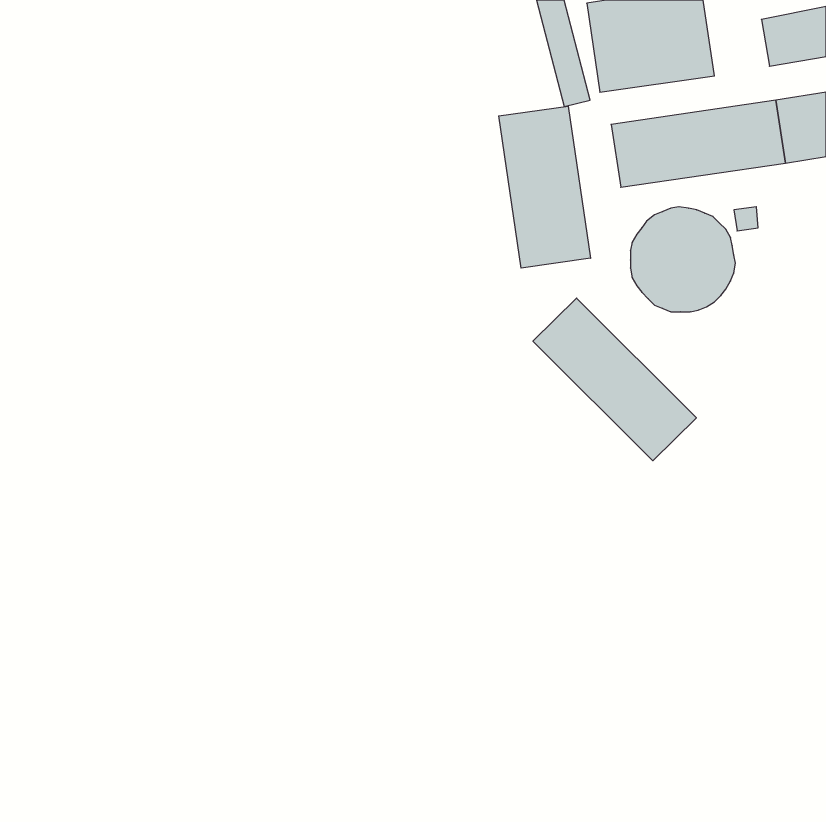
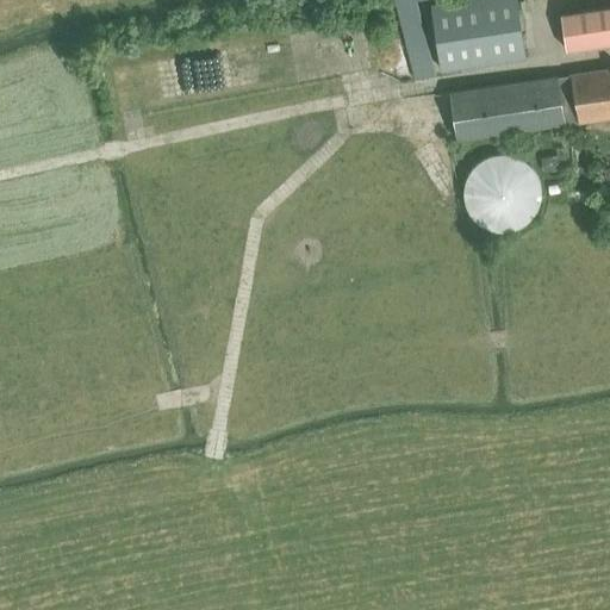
building: [499,106,591,268] -> none
building: [533,298,696,461] -> none

